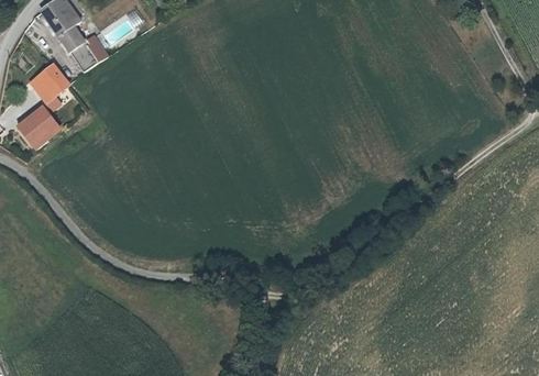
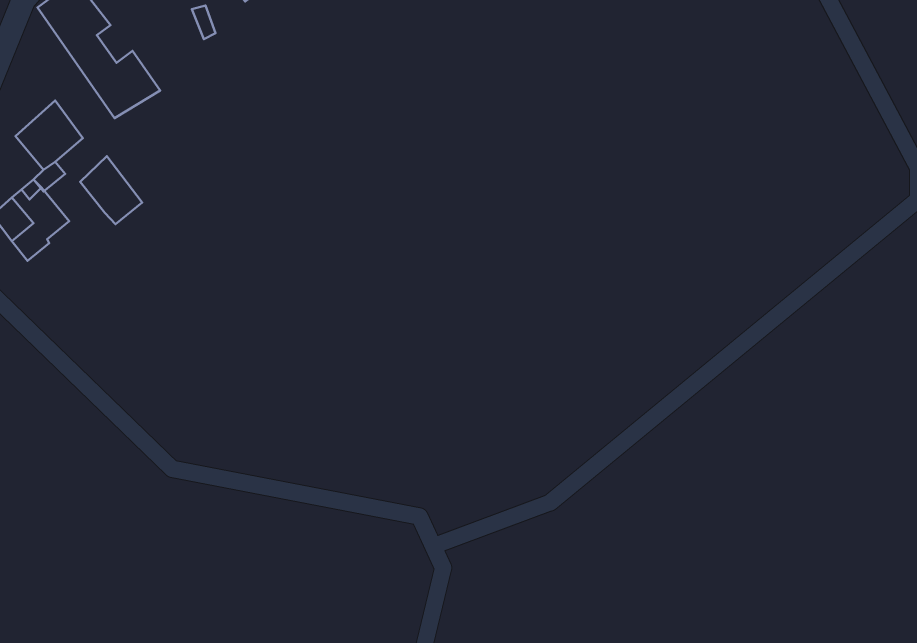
building: none -> [80,156,142,224]

